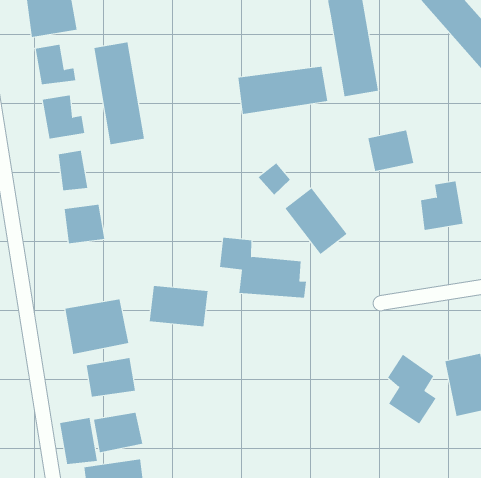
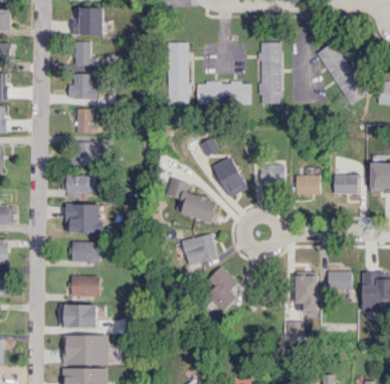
building: [93,42,145,145] -> [166,42,188,104]
building: [367,130,414,171] -> [258,162,284,184]
building: none -> [66,175,95,197]
building: [149,285,208,327] -> none
building: none -> [180,232,217,264]
building: [387,354,436,424] -> [205,265,236,311]
building: [60,417,97,465] -> none

